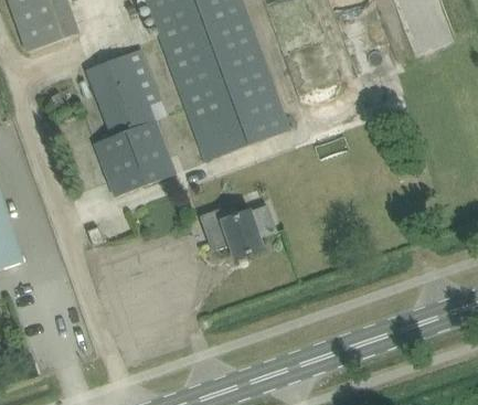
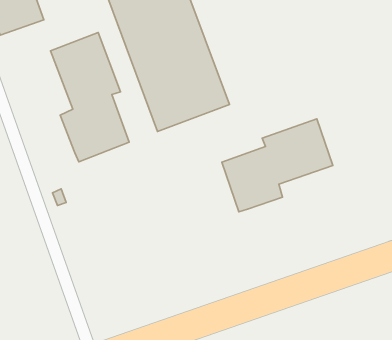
building: none -> [222,119,333,212]
building: [199,203,262,258] -> none

